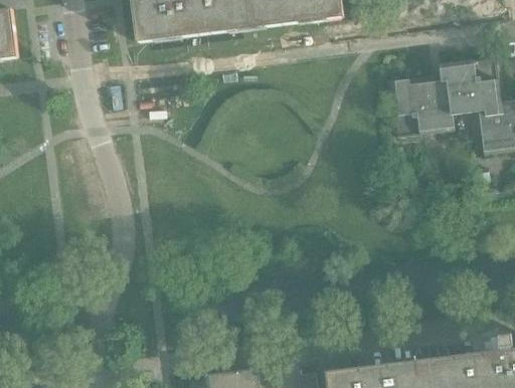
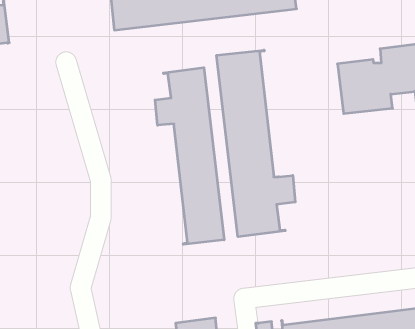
building: none -> [217,50,295,237]
building: none -> [155,68,224,244]

